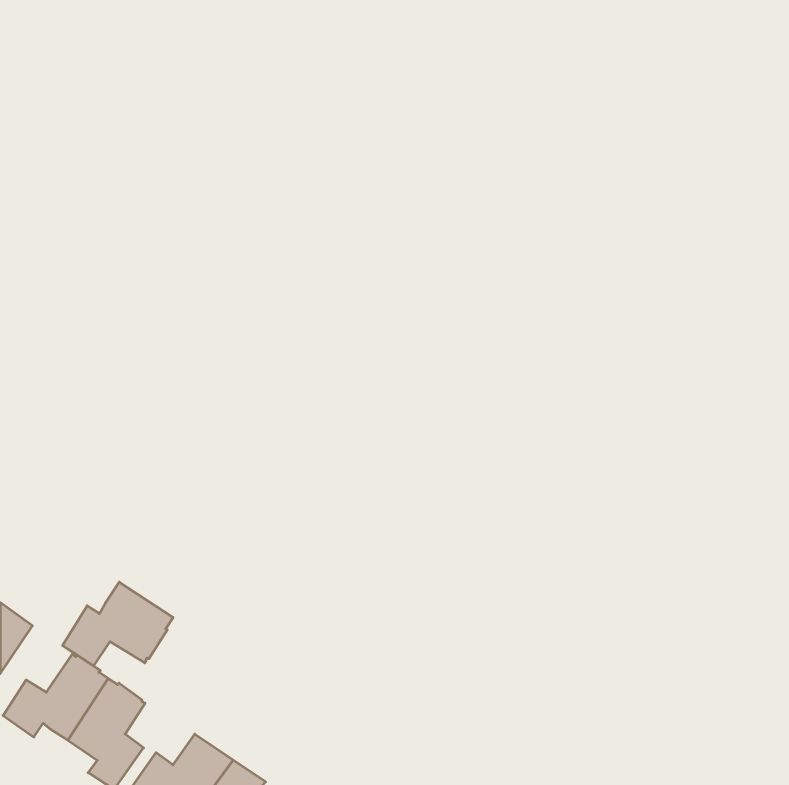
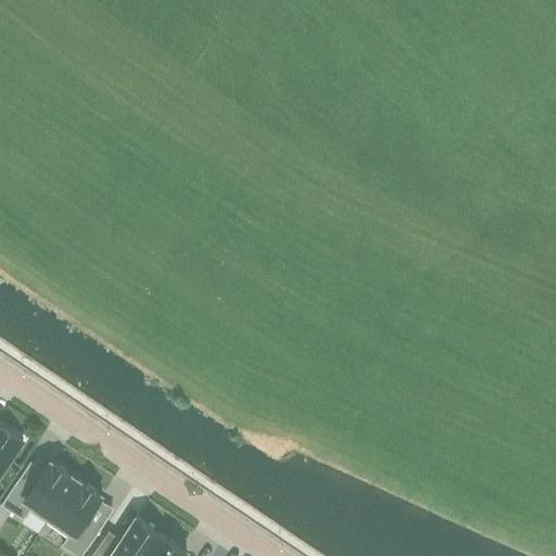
building: [63,582,173,666] -> none

